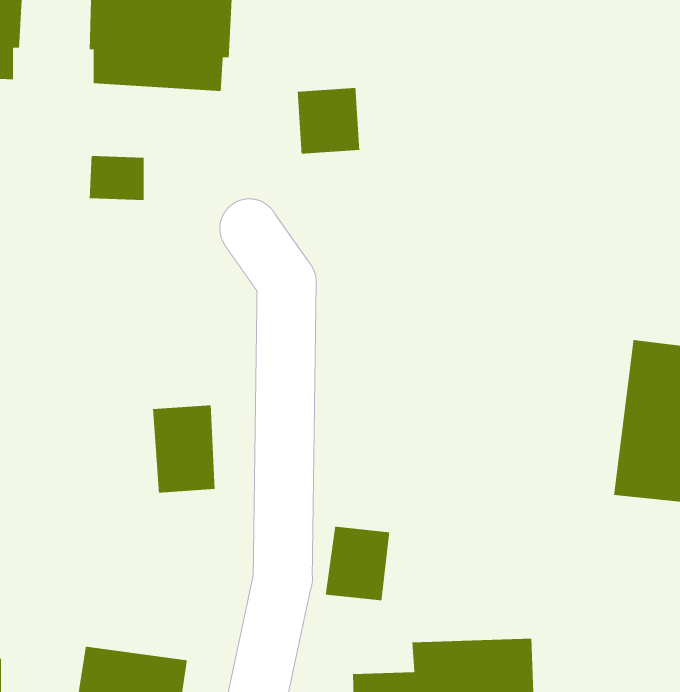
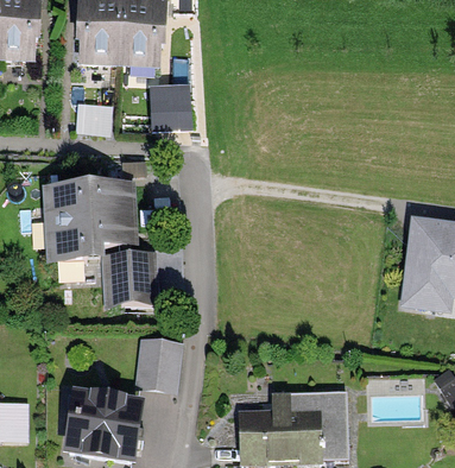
building: [297,87,360,154] -> [151,89,189,129]
building: none -> [49,184,131,260]
building: [325,526,390,601] -> [138,343,177,388]

